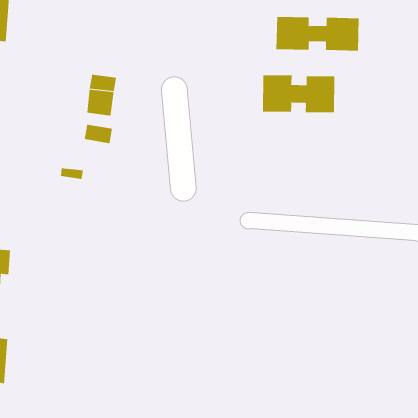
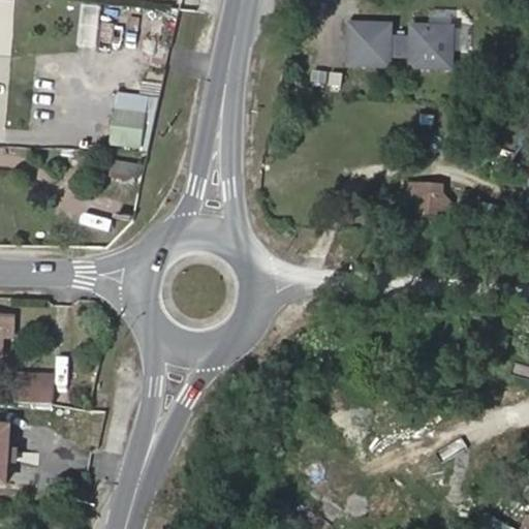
building: [262,75,335,113] -> none
building: none -> [406,182,449,216]
building: none -> [15,372,55,403]

